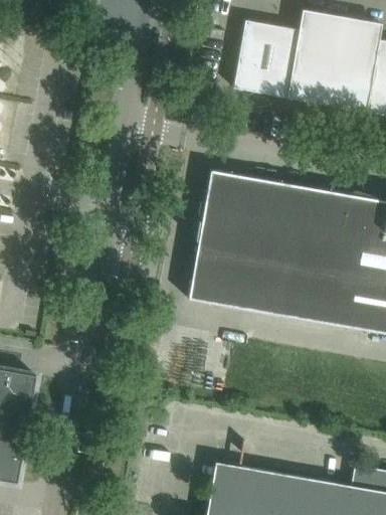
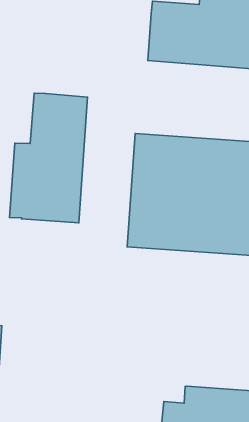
building: none -> [10,93,88,223]

